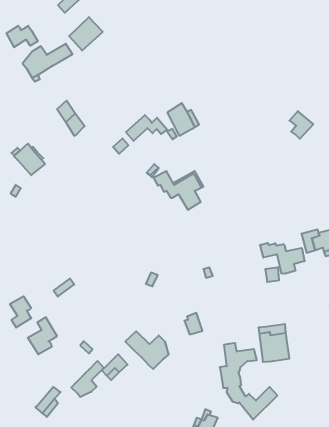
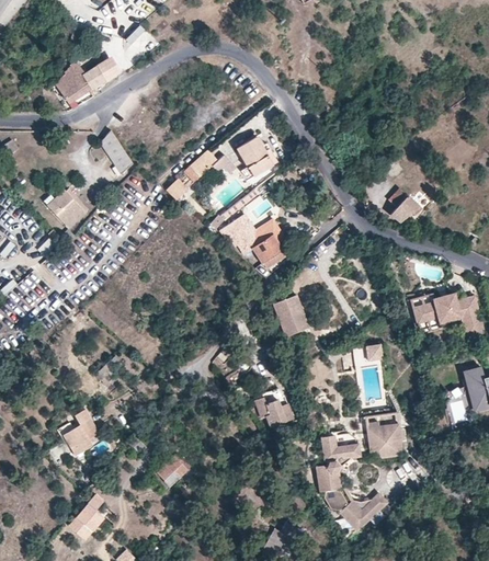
building: [6,26,38,47] -> none
building: [289,111,313,139] -> [387,187,418,222]
building: none -> [272,294,310,336]
building: [260,243,305,274] -> none
building: [10,296,31,328] -> none
building: [125,331,169,369] -> none
building: [71,361,104,397] -> none

